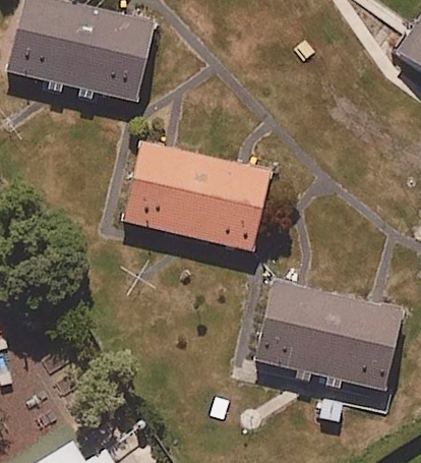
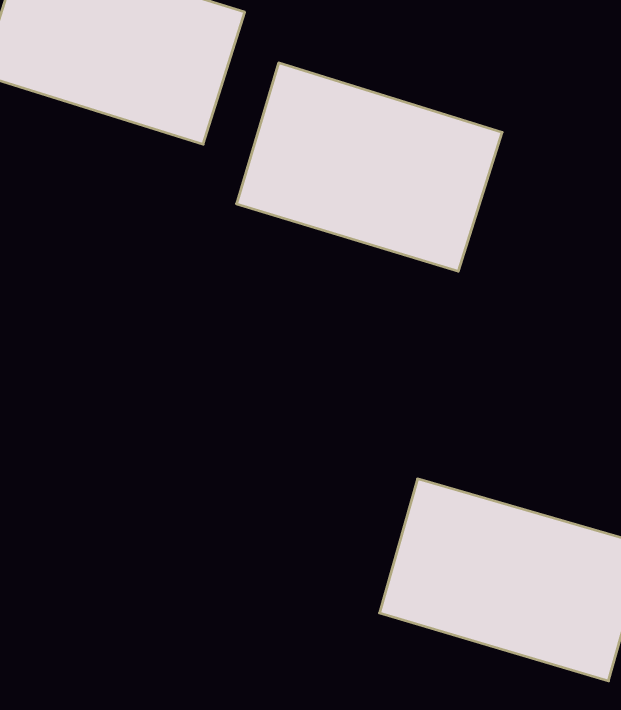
building: [123,140,270,251] -> [236,63,502,271]

